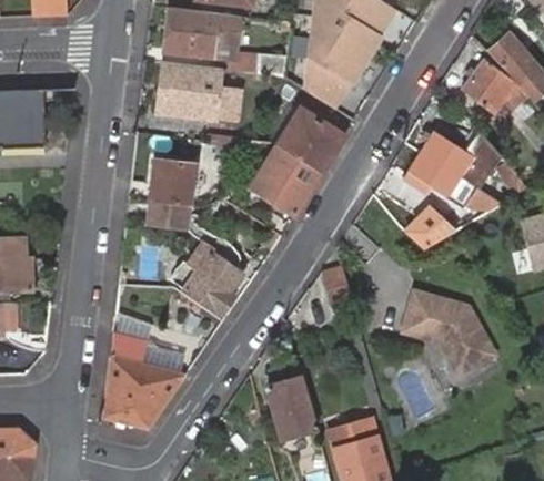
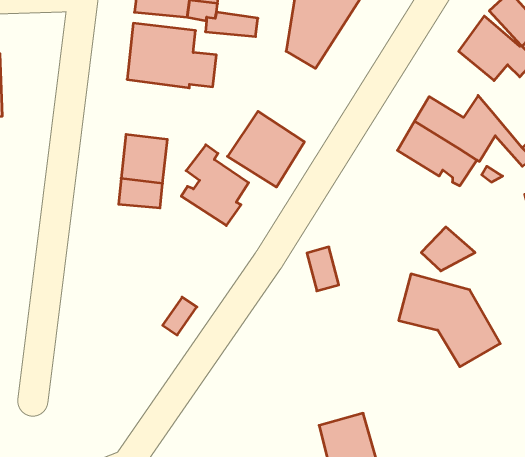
building: [276,106,342,170] -> none
building: [403,204,452,244] -> [421,227,475,271]
building: [179,238,240,311] -> [181,145,249,226]
building: [104,337,183,426] -> none
building: [269,377,316,434] -> none

